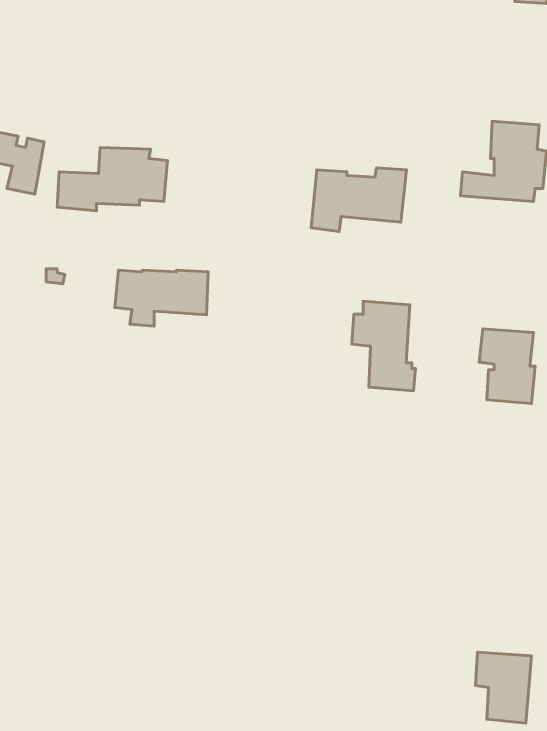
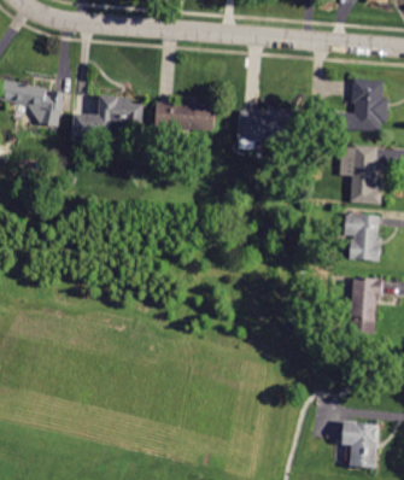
building: [115,270,208,326] -> [154,103,215,139]
building: [352,301,415,391] -> [339,147,380,205]
building: none -> [350,277,381,334]

